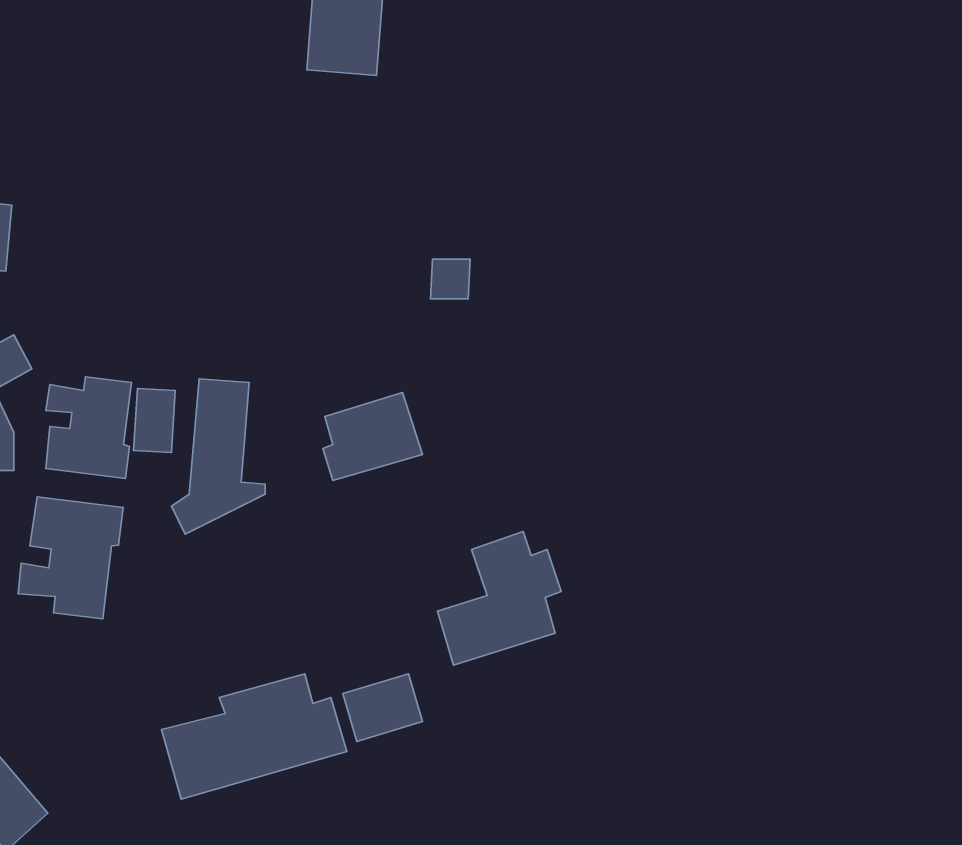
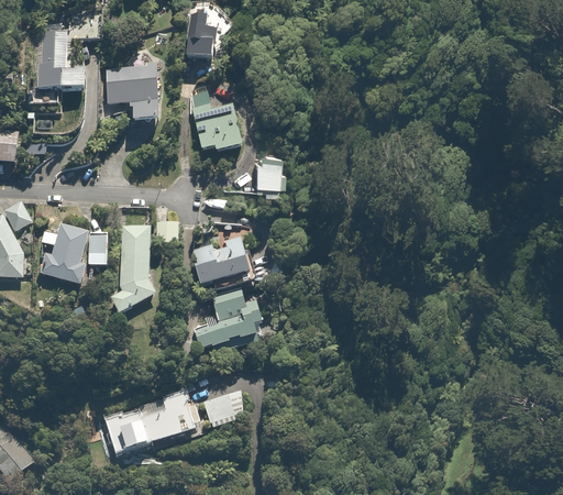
building: none -> [36,28,86,90]
building: none -> [104,64,158,120]
building: none -> [192,98,243,152]
building: [18,497,123,619] -> none
building: [437,532,561,665] -> [192,286,261,360]

